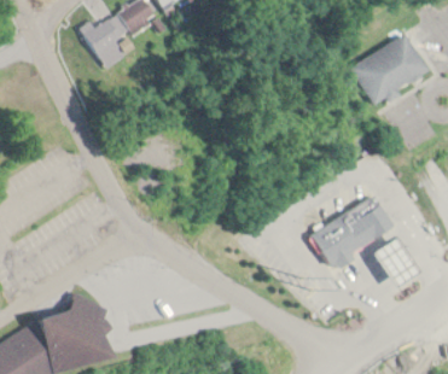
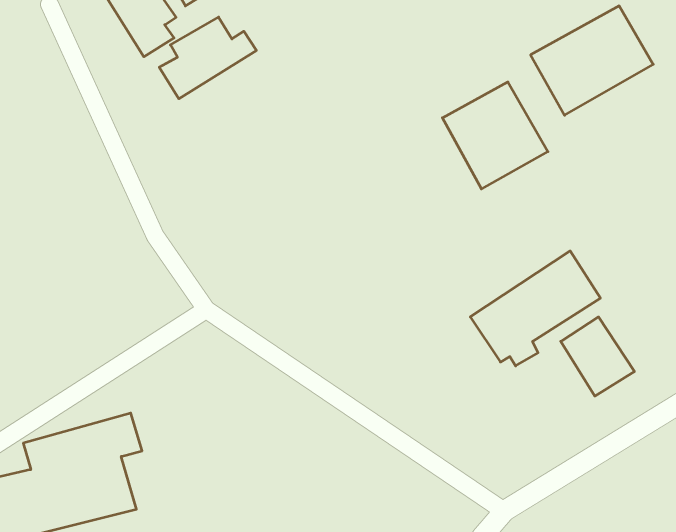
building: none -> [159,17,256,99]
building: none -> [442,82,548,189]

